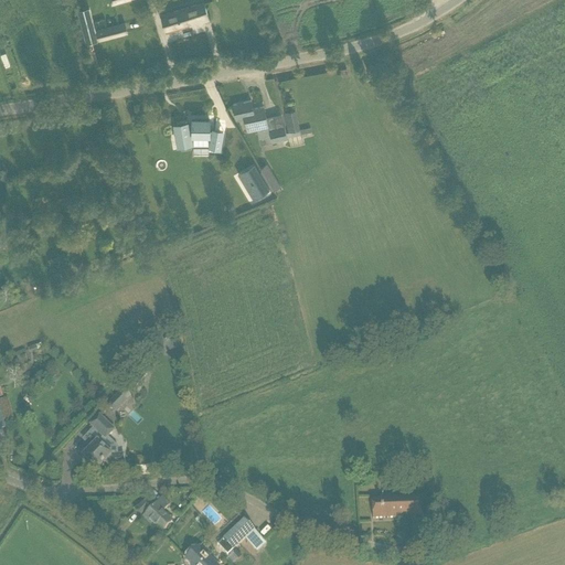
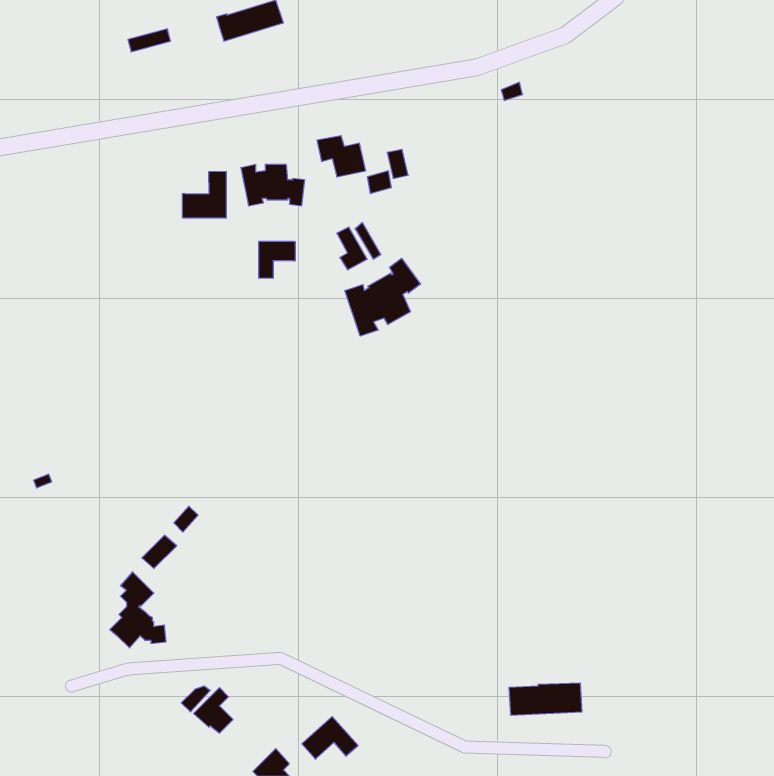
building: none -> [183,171,226,218]
building: none -> [259,241,295,278]
building: none -> [345,258,421,336]

